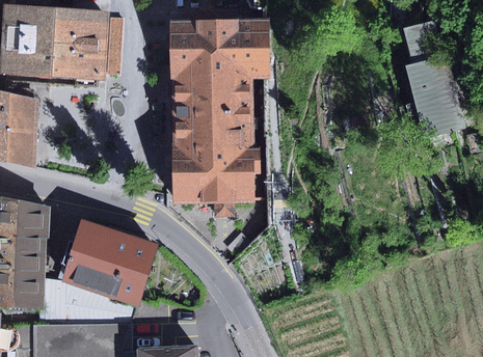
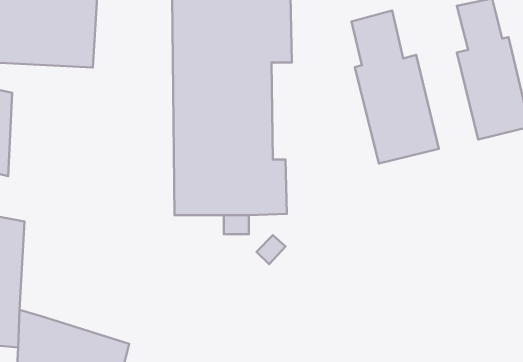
building: none -> [352,11,439,163]
building: [61,220,156,305] -> none

